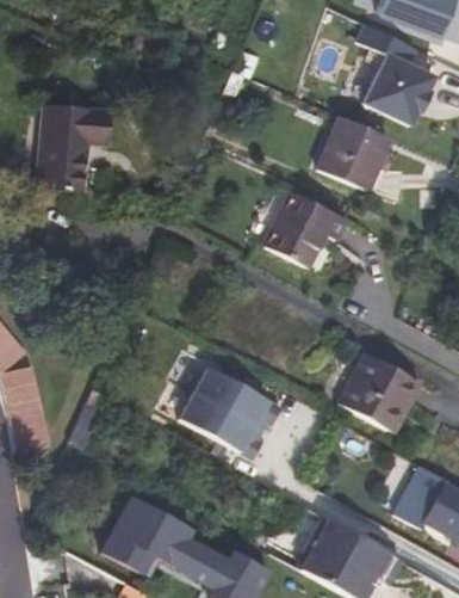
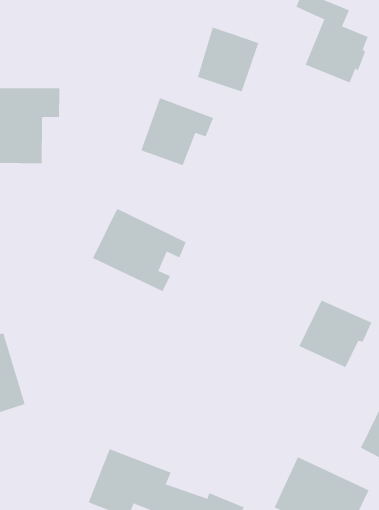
building: [316,115,384,186] -> [197,27,259,92]
building: [267,191,347,265] -> [141,98,214,166]
building: [180,365,281,457] -> [92,208,187,292]

